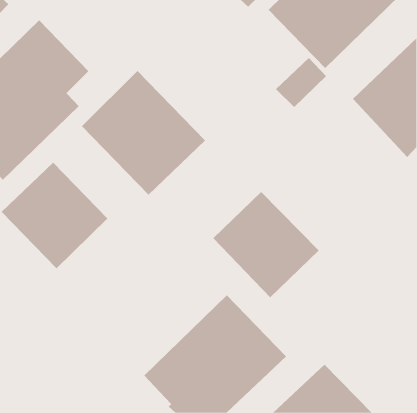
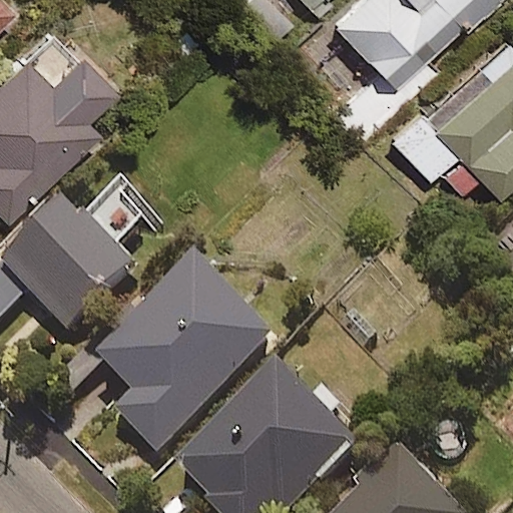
building: [81,70,206,195] -> none
building: [213,191,320,298] -> none
building: none -> [95,251,278,451]

